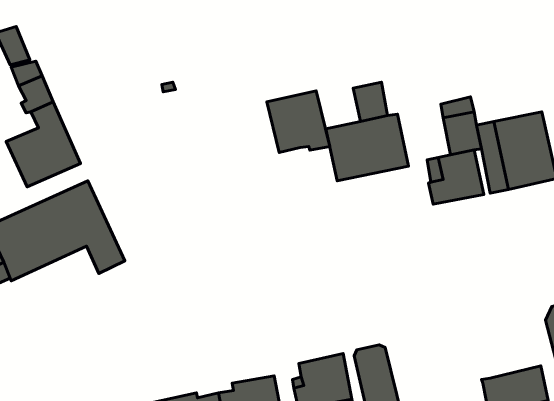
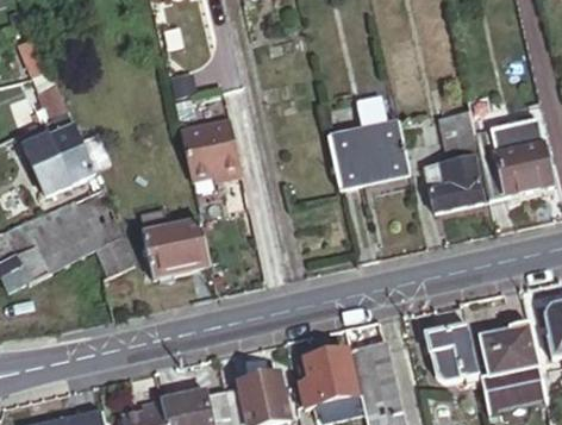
building: [267,91,330,153] -> [180,119,241,179]
building: none -> [140,218,211,279]
building: none -> [479,323,537,376]
building: none -> [423,325,479,381]

